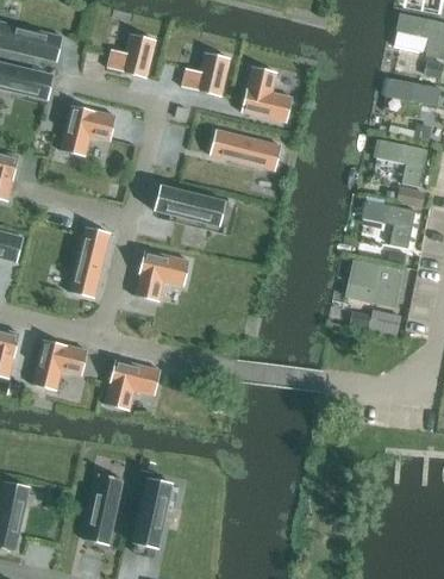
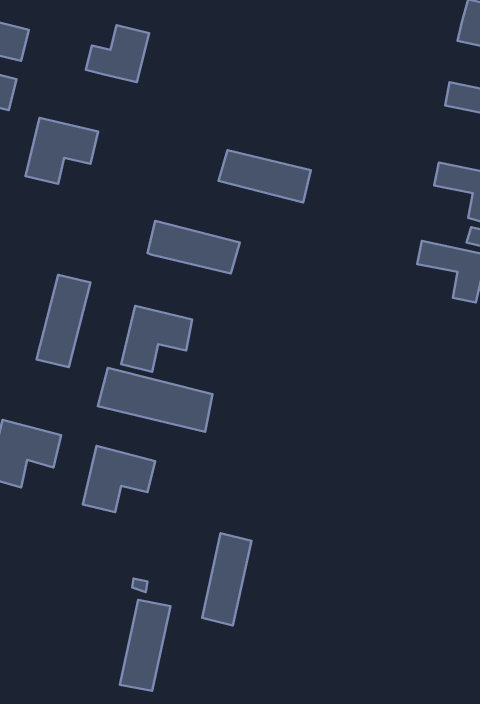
building: [181,52,229,96] -> none
building: [240,67,292,122] -> none
building: [346,261,405,307] -> none
building: none -> [98,368,212,432]
building: [351,305,401,335] -> none
building: [83,473,121,544] -> [202,533,251,626]

